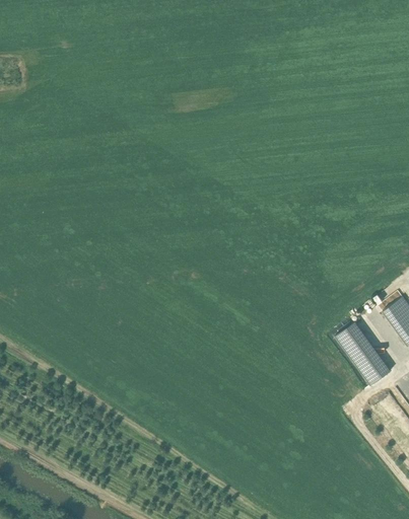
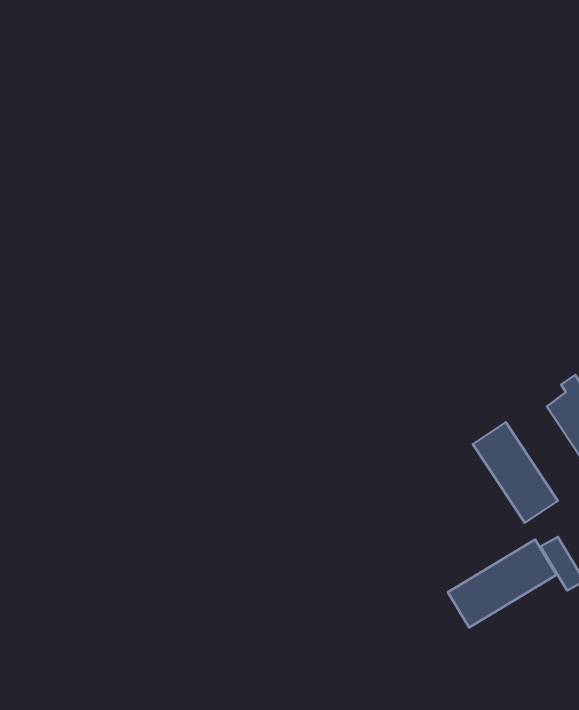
building: none -> [448,539,556,628]

